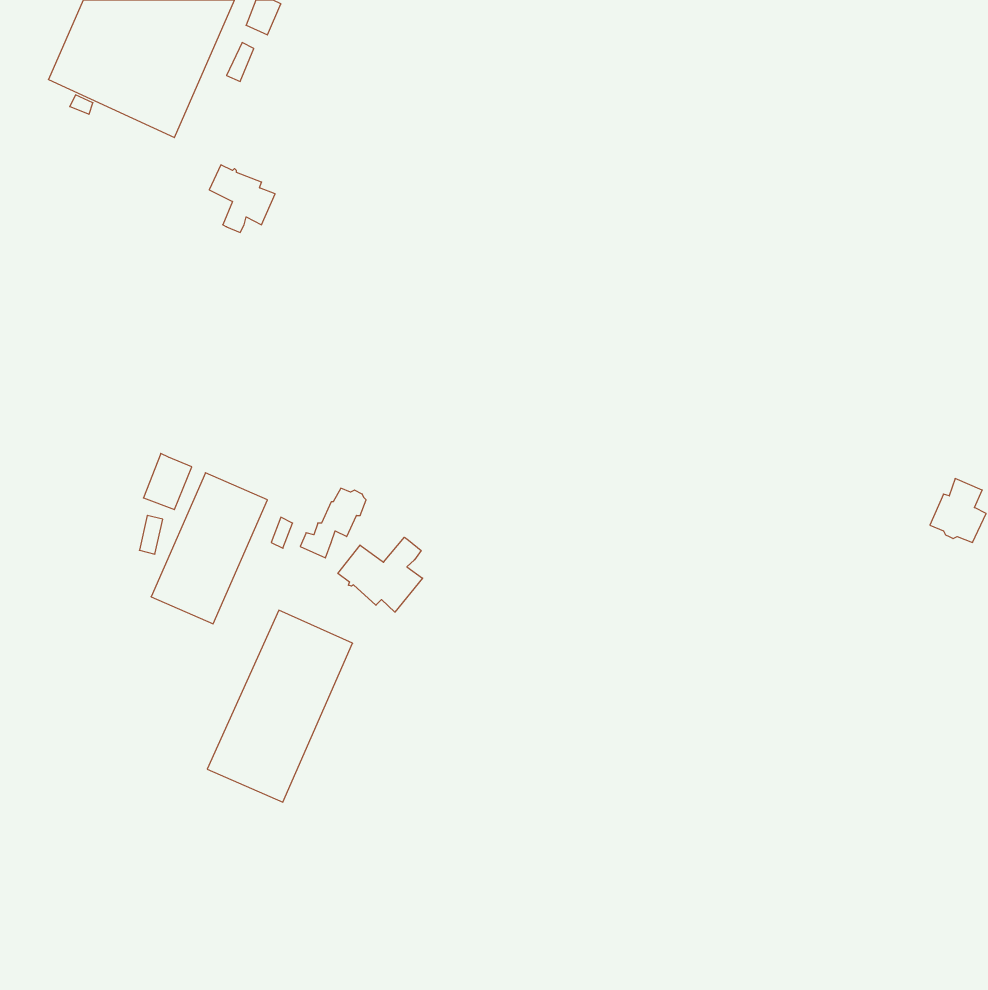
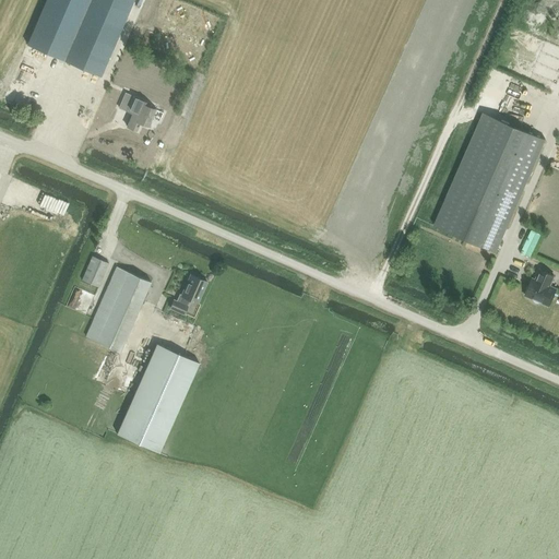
building: none -> [432,112,544,253]
building: [338,537,423,612] -> none

